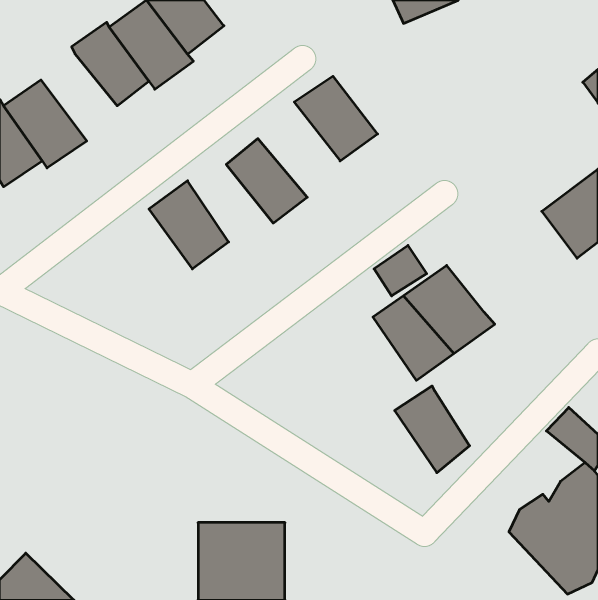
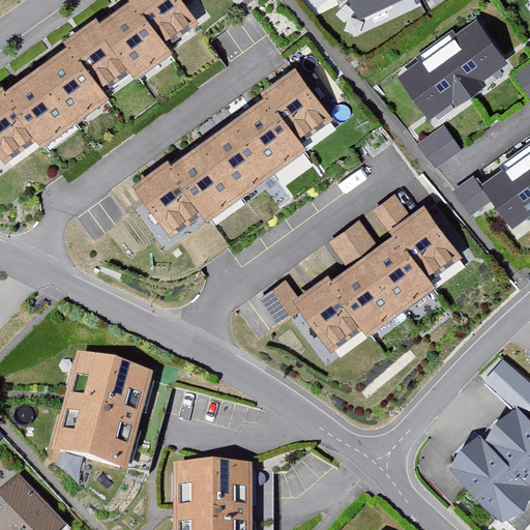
building: none -> [398,22,507,120]
building: none -> [36,48,108,124]
building: none -> [228,97,305,175]
building: none -> [418,122,461,165]
building: none -> [171,145,241,220]
building: none -> [392,203,462,275]
building: [395,386,470,473] -> [294,275,360,352]
building: none -> [52,356,152,475]

